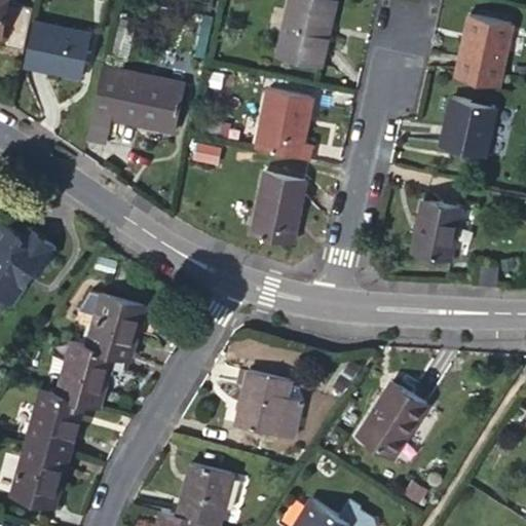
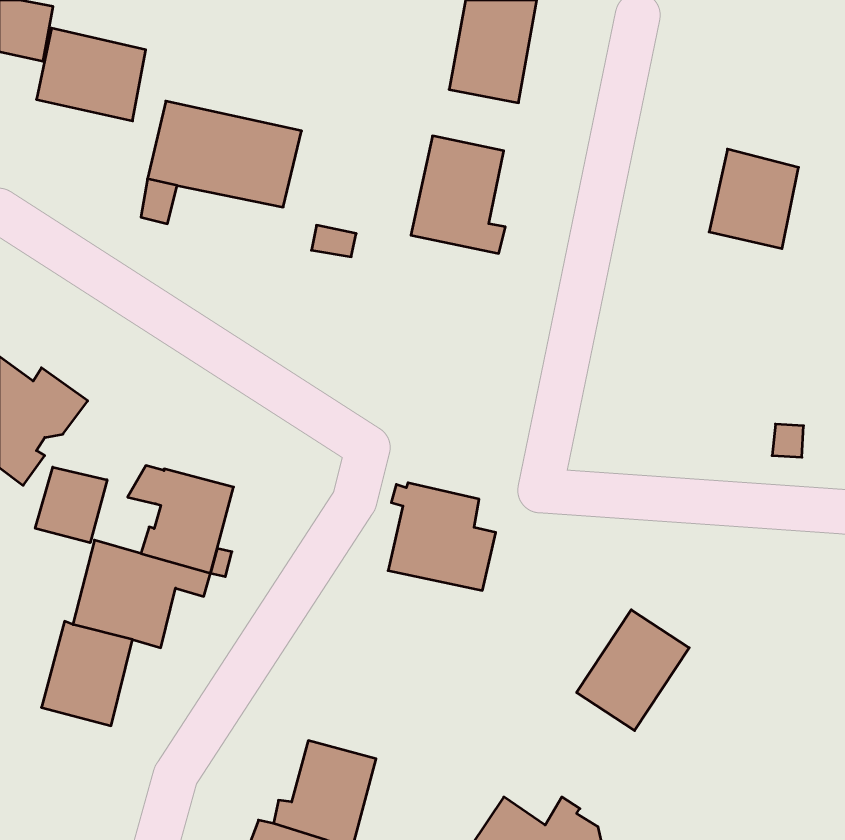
building: [456,14,512,87] -> none
building: [253,171,306,243] -> none
building: [412,201,461,260] -> none
building: none -> [35,467,107,543]
building: [234,371,301,438] -> [388,483,496,590]
building: [11,443,69,505] -> none

